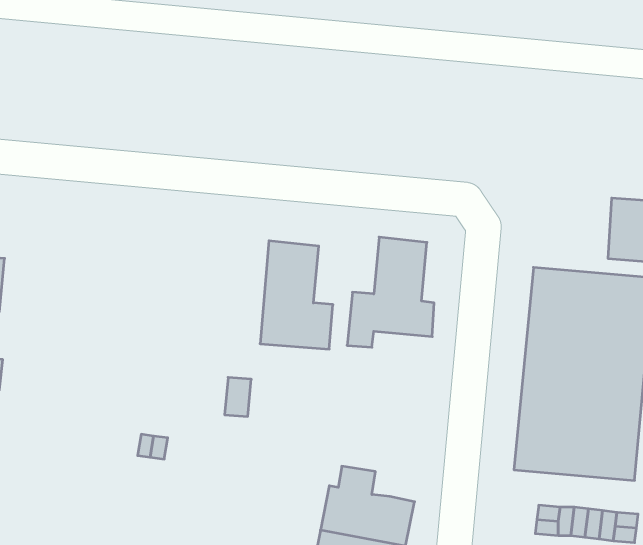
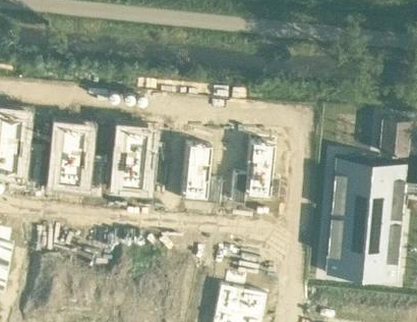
building: none -> [52,127,95,190]
building: none -> [103,130,148,186]

